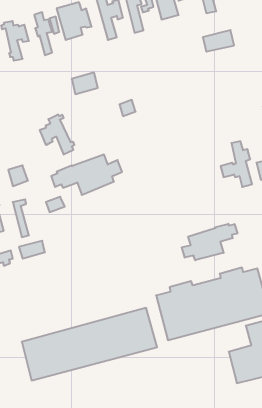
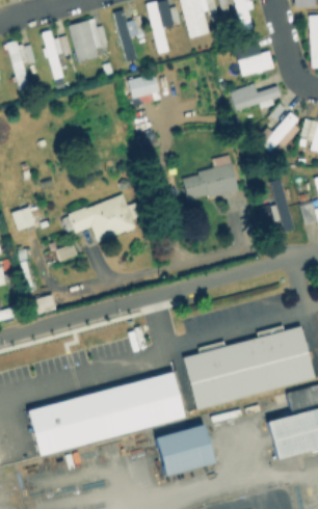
building: none -> [230,83,281,110]
building: [72,73,98,94] -> [128,73,158,98]
building: none -> [256,112,299,152]
building: [40,114,74,155] -> none
building: none -> [182,154,238,199]
building: [182,224,237,260] -> none
building: none -> [154,425,214,477]

